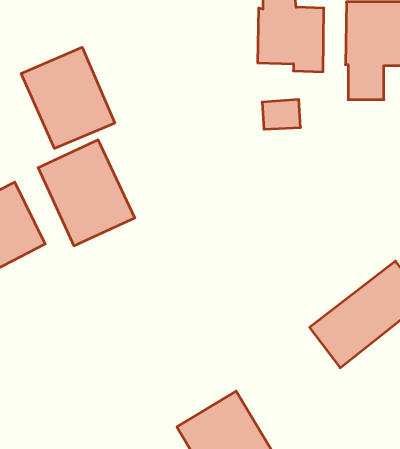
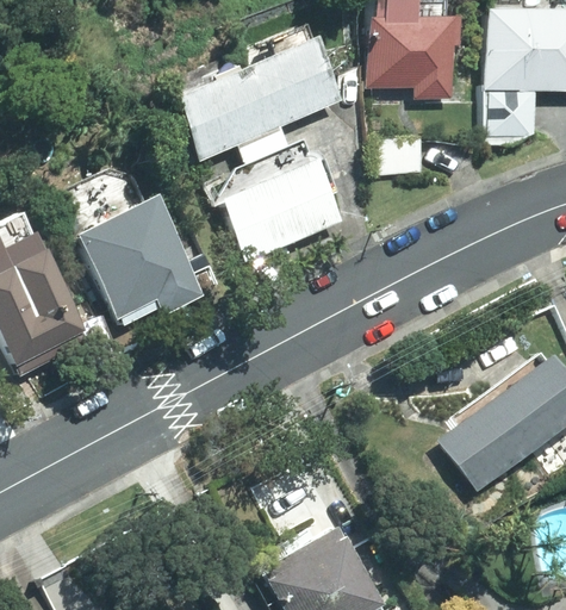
building: none -> [172,35,344,162]
building: [21,47,115,148] -> none
building: none -> [223,156,346,261]

